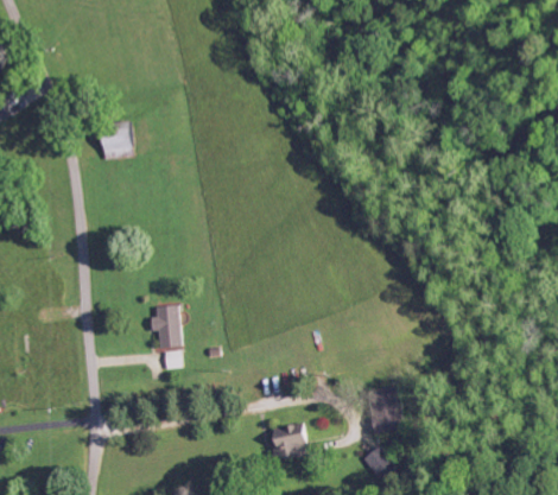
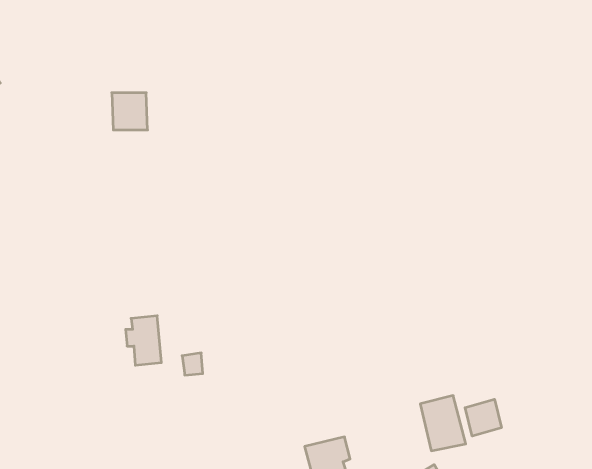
building: [148,304,179,347] -> [126,316,161,365]
building: none -> [465,399,501,436]

